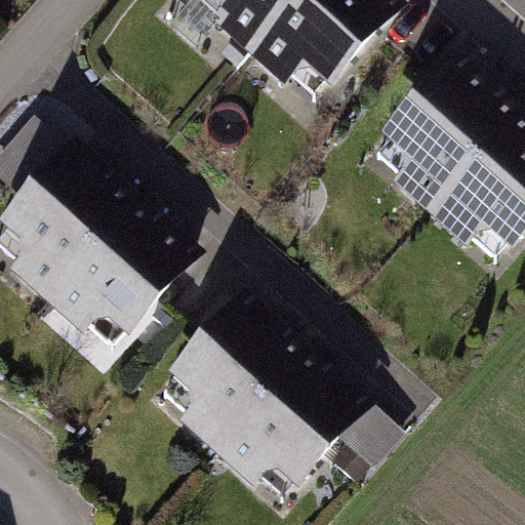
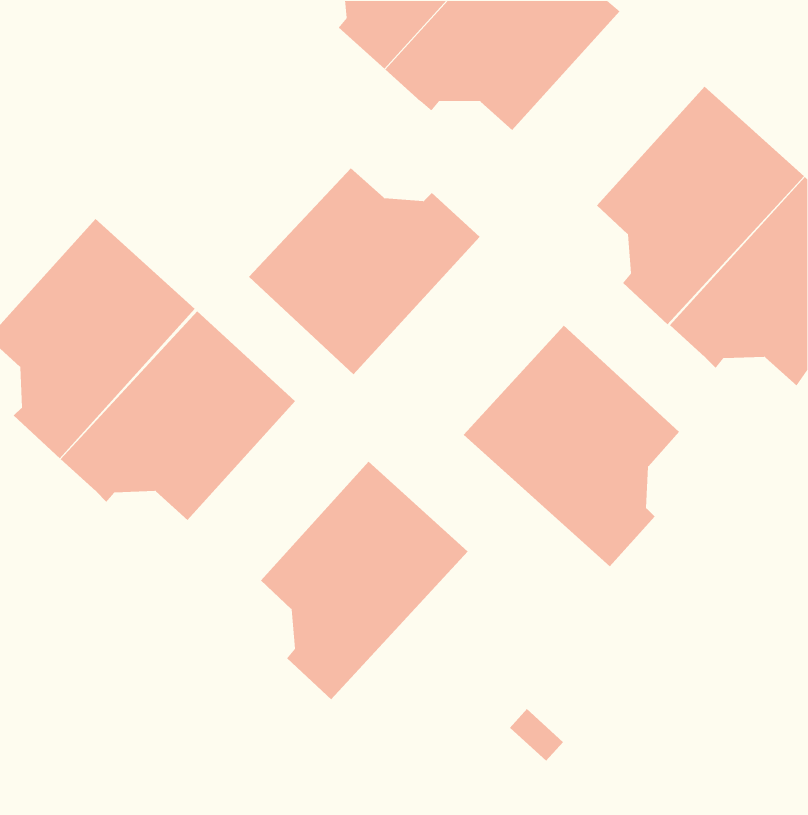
building: none -> [248,167,481,375]
building: none -> [463,325,680,567]
building: [211,357,392,490] -> none

